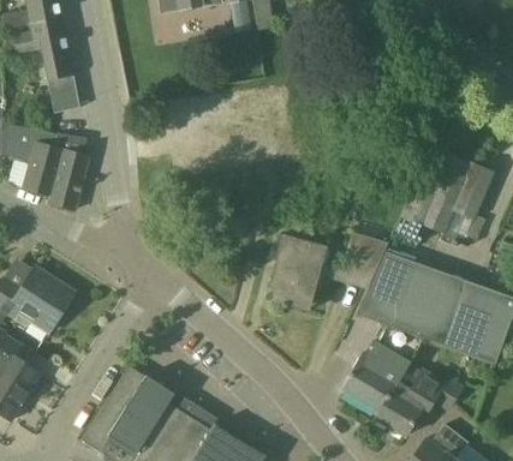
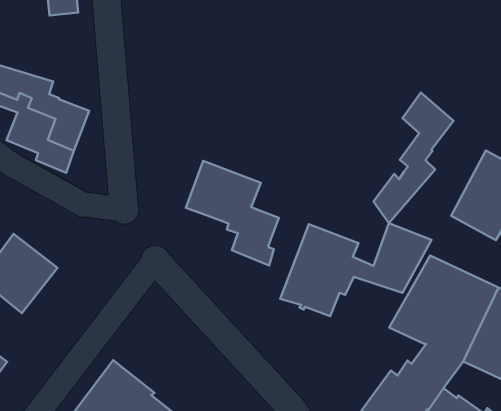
building: [48,76,79,113] -> none
building: none -> [373,92,454,223]
building: none -> [186,161,279,265]

